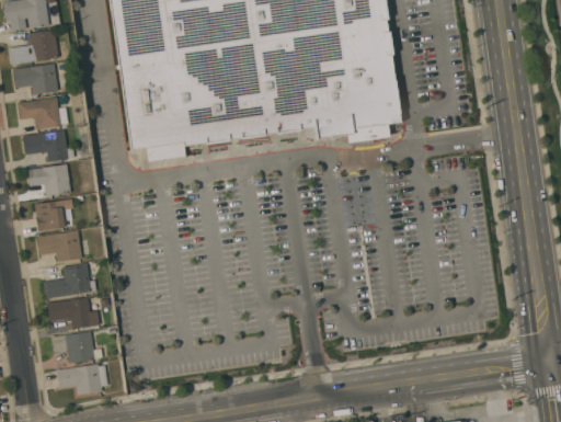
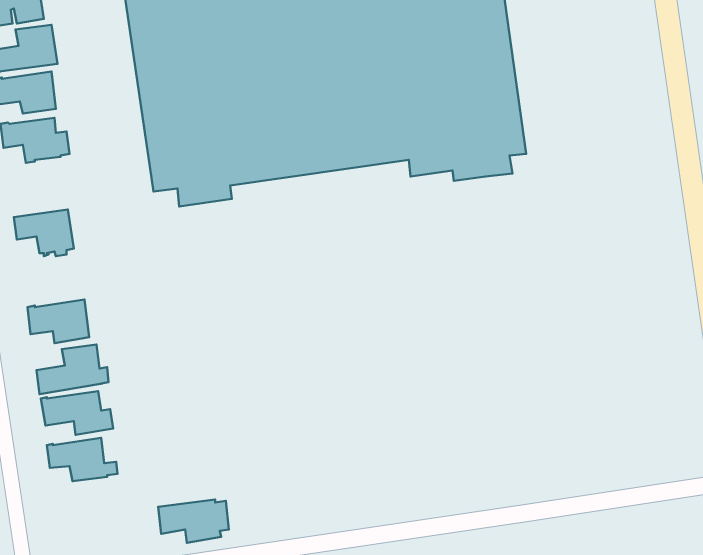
building: [23,129,75,161] -> none
building: [35,199,65,230] -> none
building: [57,363,108,395] -> [158,499,229,543]

